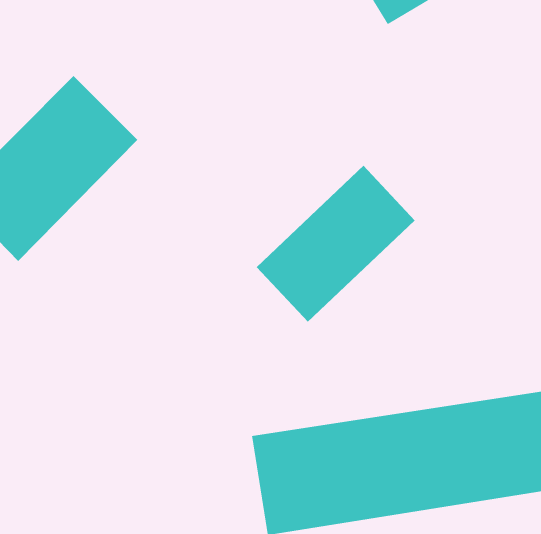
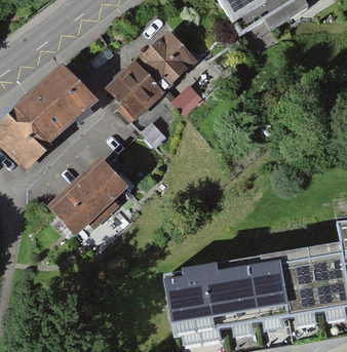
building: [256,165,416,323] -> [108,30,199,120]
building: none -> [51,156,131,235]

